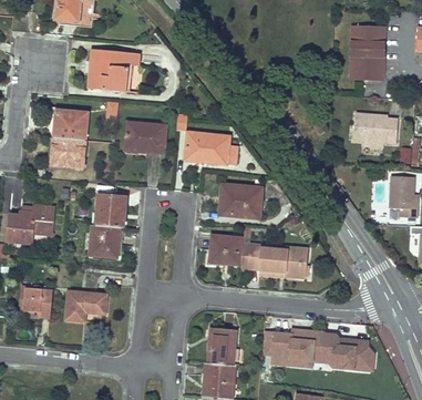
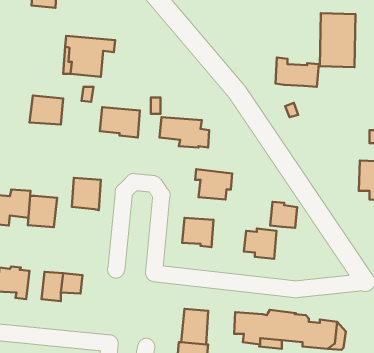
building: [356,111,400,141] -> [276,58,319,87]
building: [51,137,85,167] -> none
building: [90,224,120,256] -> [28,196,57,227]
building: [247,243,275,269] -> [270,202,297,228]

